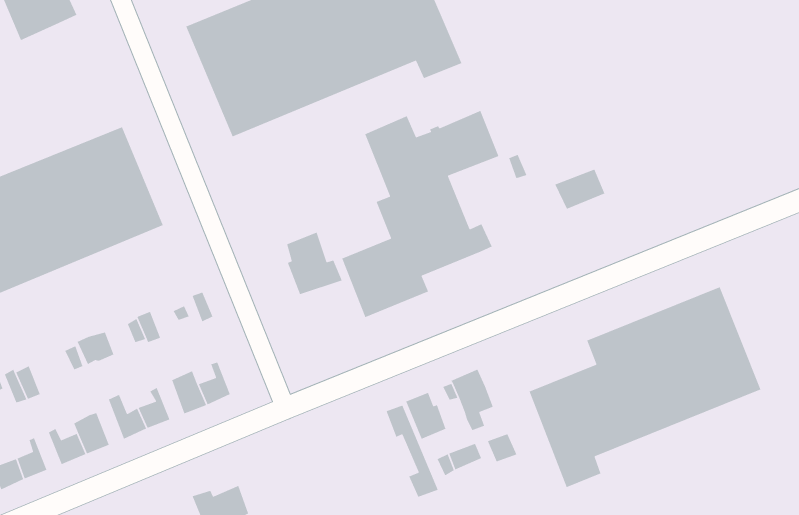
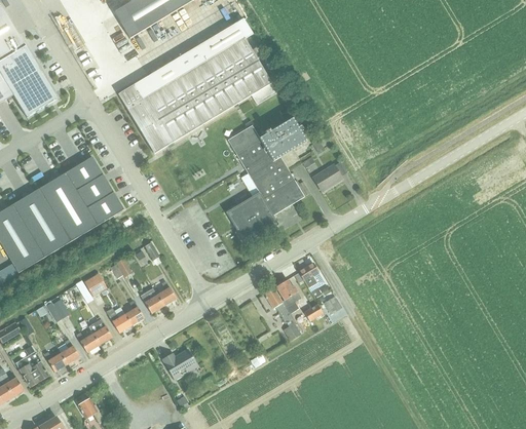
building: [554,168,606,210] -> [312,165,342,191]
building: [286,232,343,295] -> none
building: [528,286,761,488] -> none

